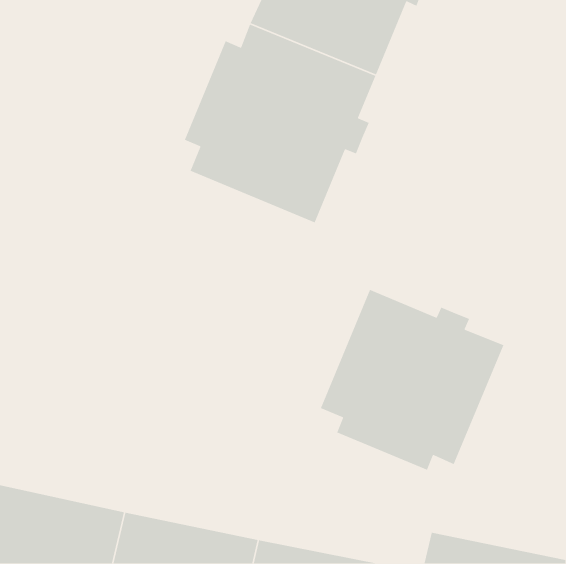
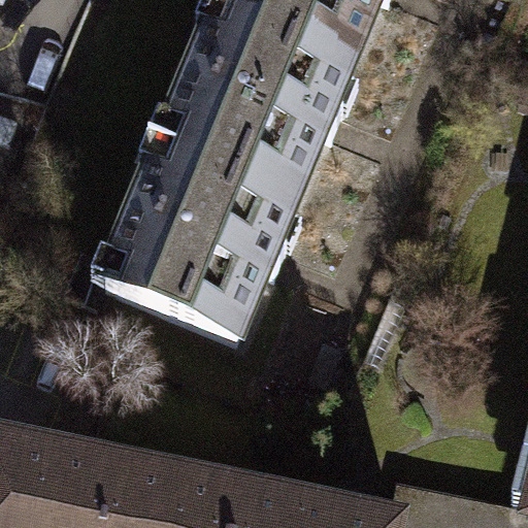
building: none -> [113,159,292,345]
building: [320,289,504,471] -> none

